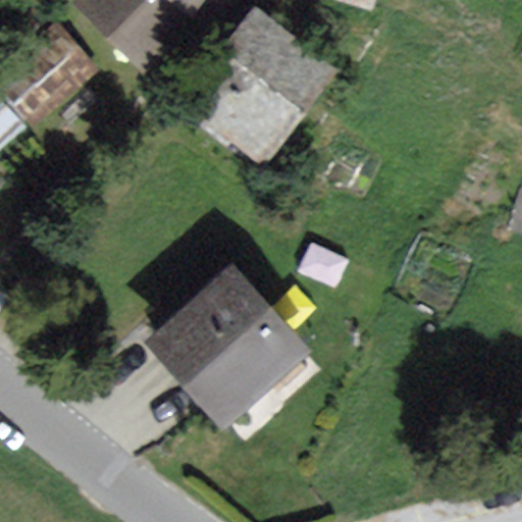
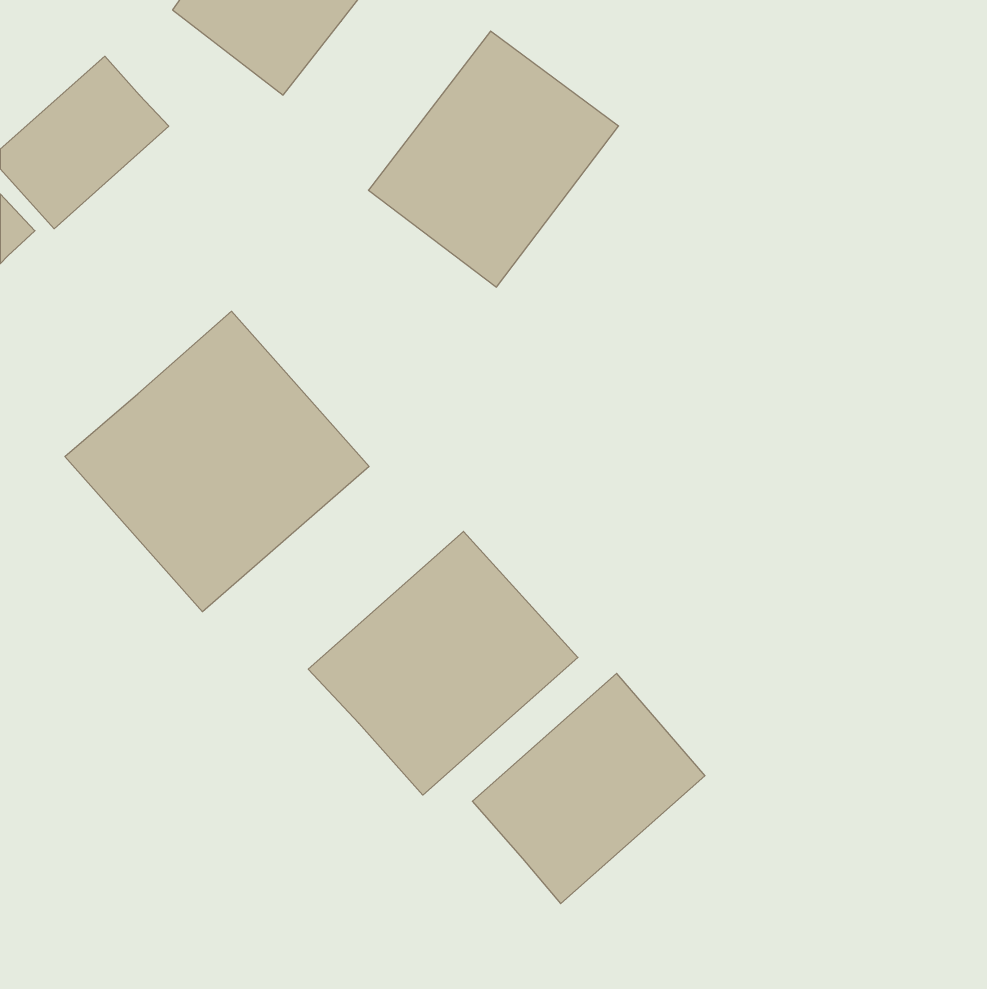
building: none -> [65,311,369,612]
building: none -> [472,673,705,904]

